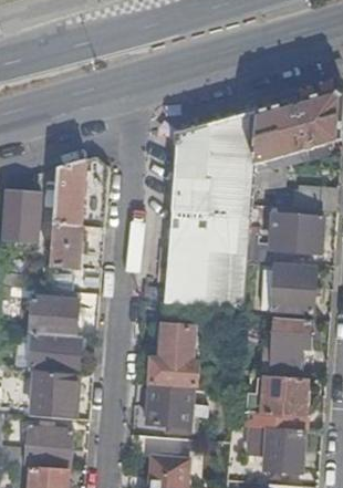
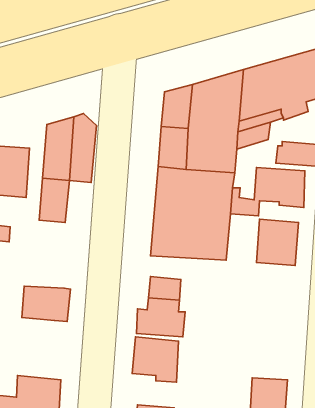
building: [30,288,79,335] -> none
building: [263,316,311,373] -> none
building: [33,372,76,418] -> none
building: [246,376,308,429] -> none

